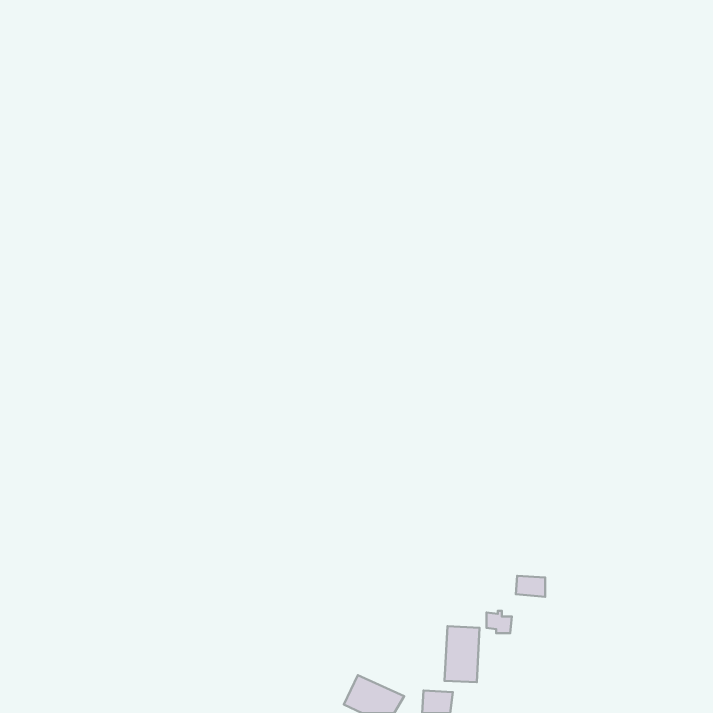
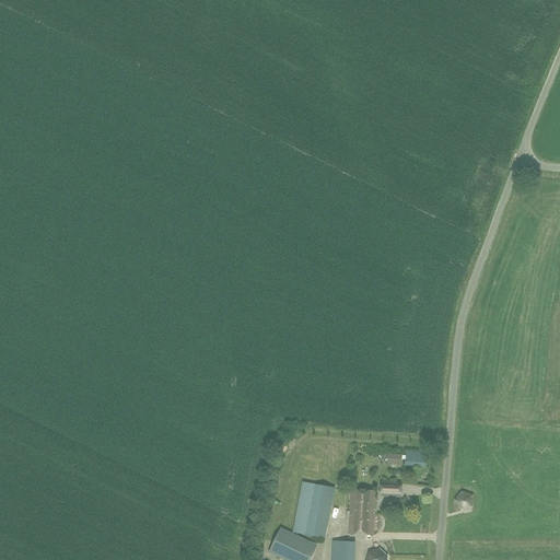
building: none -> [304,483,335,538]

